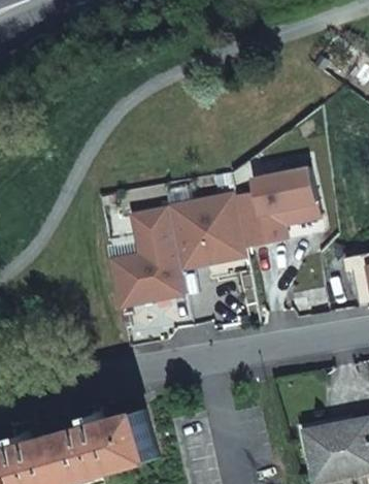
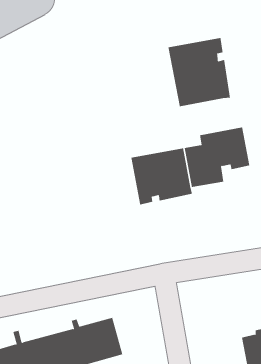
building: none -> [168,37,231,107]
building: [108,206,183,304] -> none

